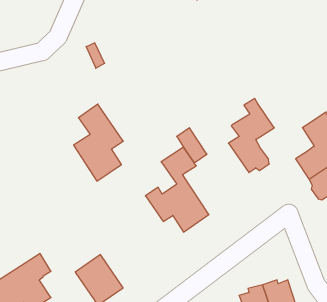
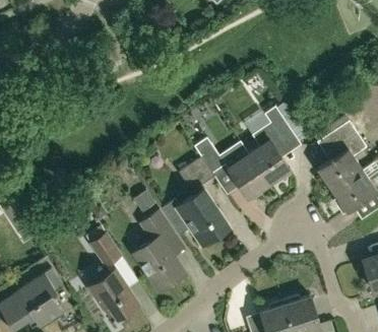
building: [74,104,123,181] -> [134,210,186,290]
building: none -> [227,153,269,201]
building: none -> [88,231,122,267]

